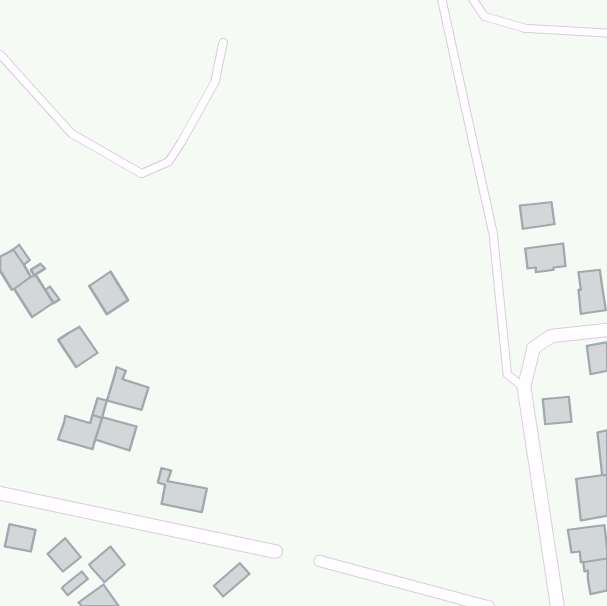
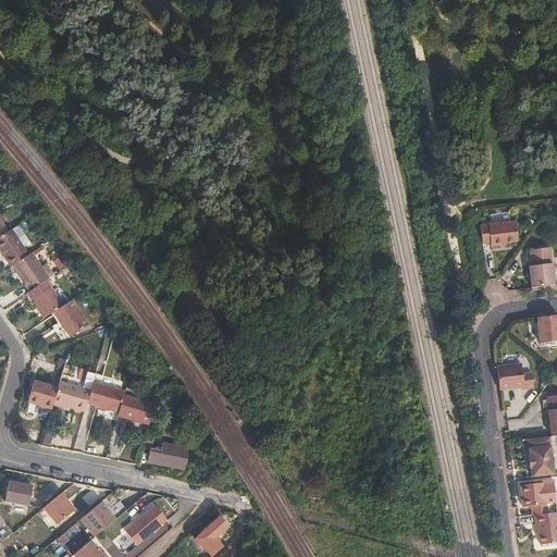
building: [520,202,554,229] -> none
building: [89,272,128,314] -> [27,278,63,318]
building: [107,367,148,410] -> [117,385,156,424]
building: none -> [28,380,59,409]
building: none -> [124,503,168,545]

